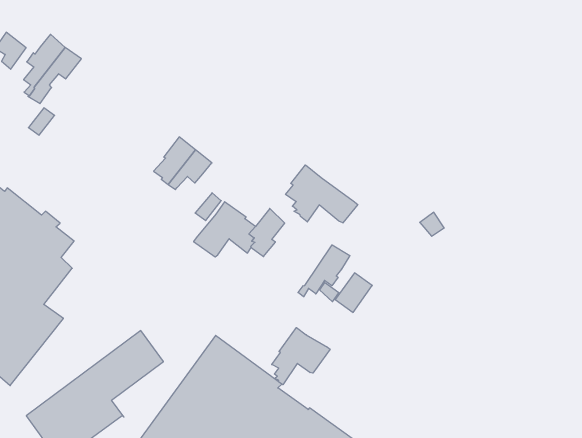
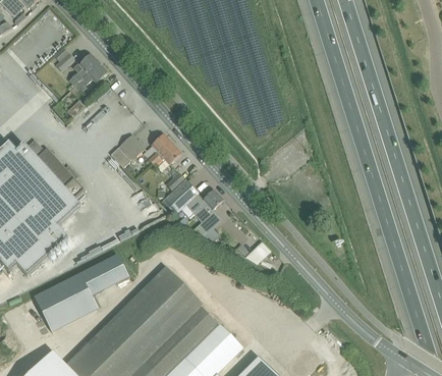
building: none -> [110,135,144,167]
building: [286,165,358,223] -> none
building: [298,245,350,297] -> none
building: [272,328,330,385] -> none

